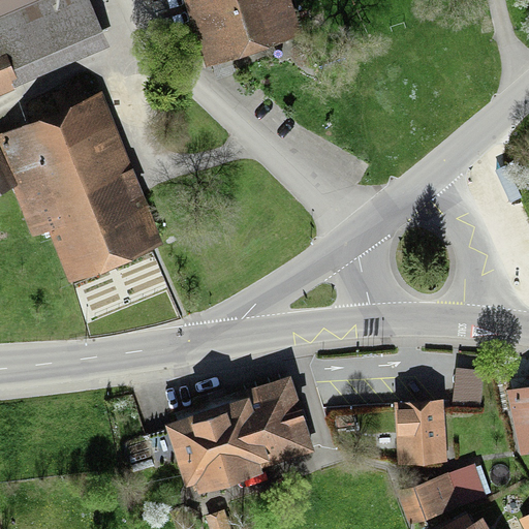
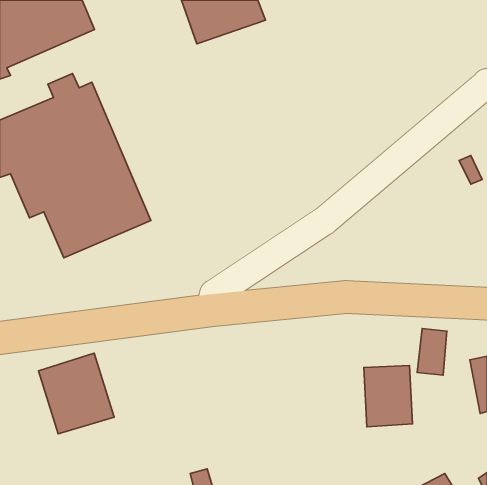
building: [144,375,314,492] -> none
building: none -> [39,353,114,434]
building: [412,465,490,520] -> none

